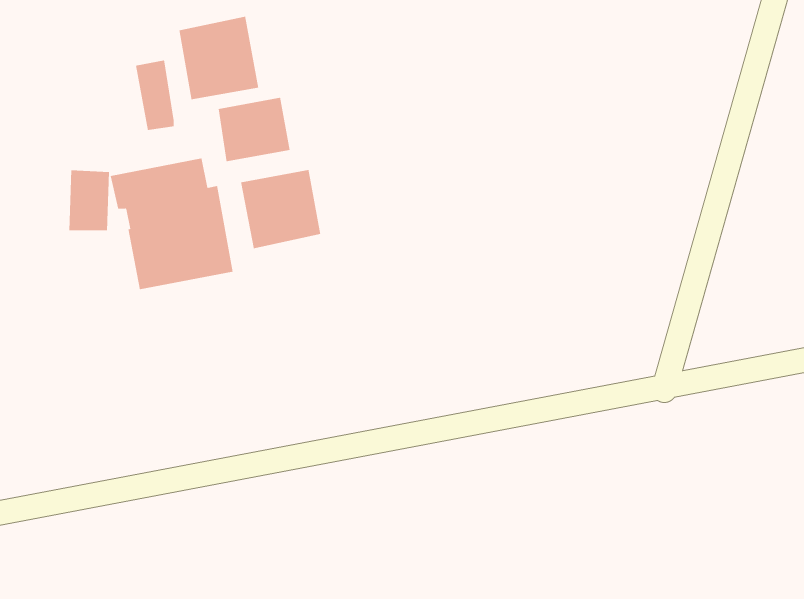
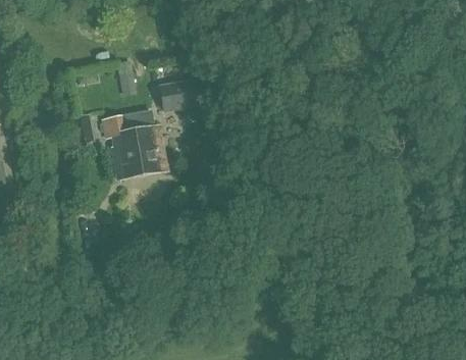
building: [179,16,259,100] -> none
building: [241,169,321,249] -> none

